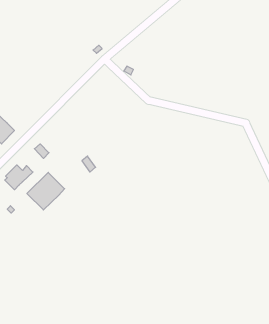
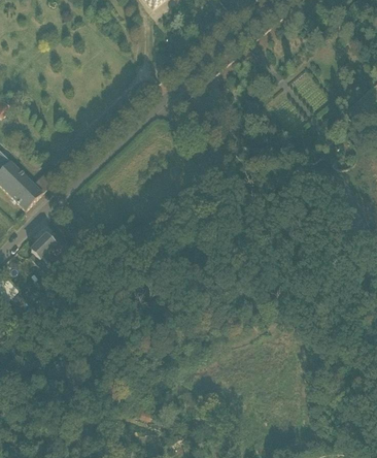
building: [27,172,65,210] -> none

